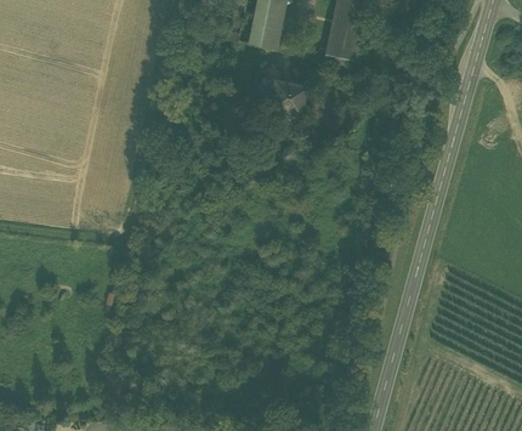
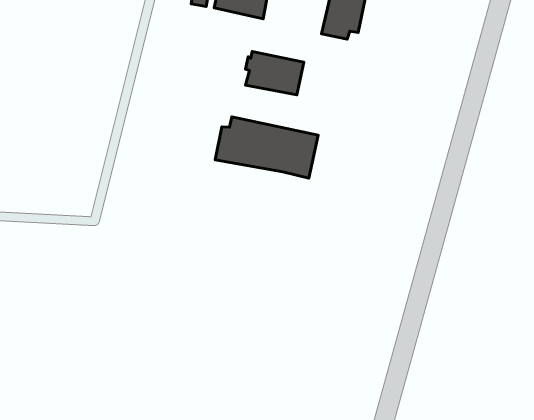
building: none -> [215,117,318,178]

